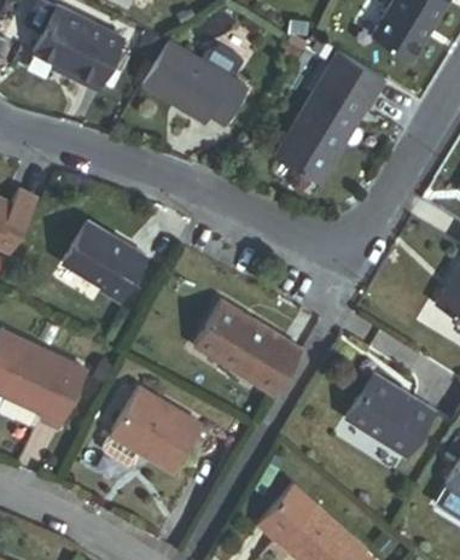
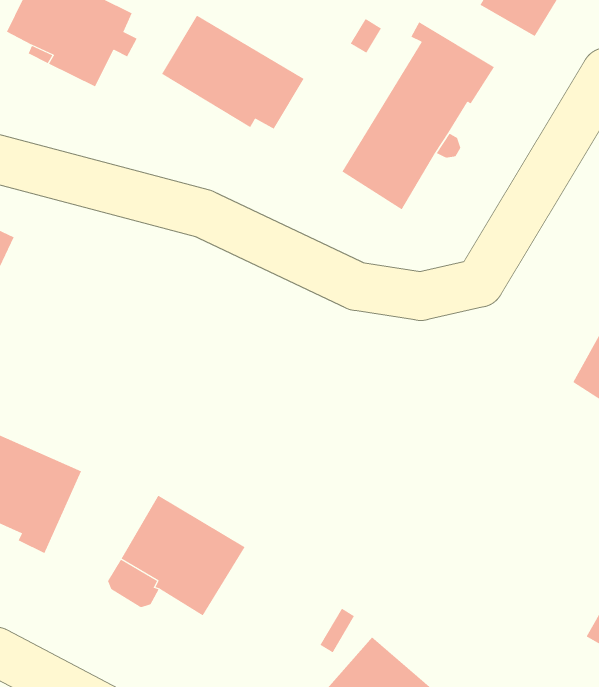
building: [63,222,147,304] -> none
building: [197,301,304,393] -> none
building: [348,377,433,456] -> none

